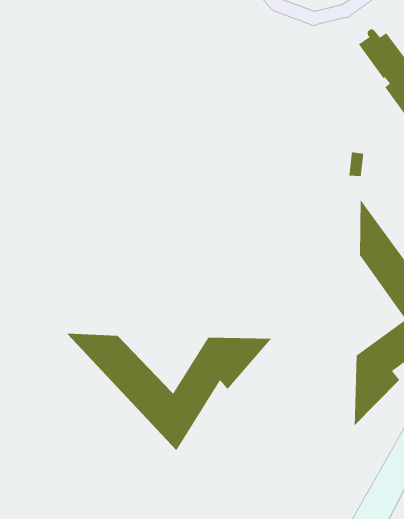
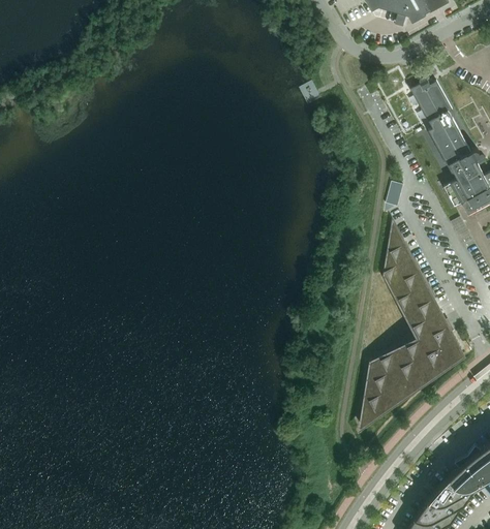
building: [67,333,272,451] -> none

